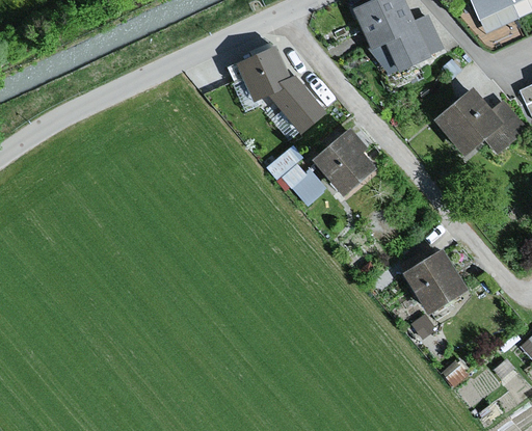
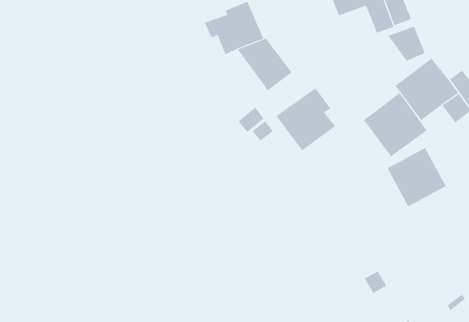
building: [370,37,411,76] -> [387,26,426,62]
building: none -> [363,92,427,157]
building: [403,247,468,312] -> [387,147,447,207]

